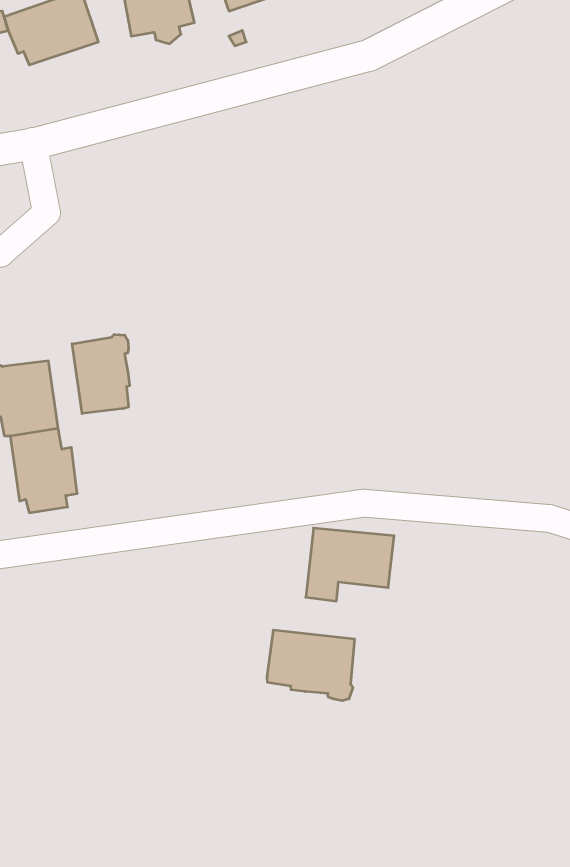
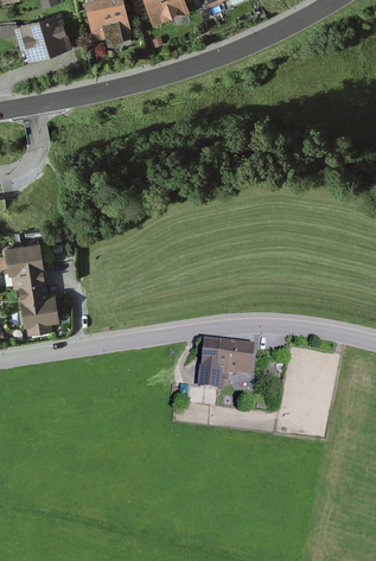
building: [72,334,130,414] -> none
building: [267,630,354,701] -> none

